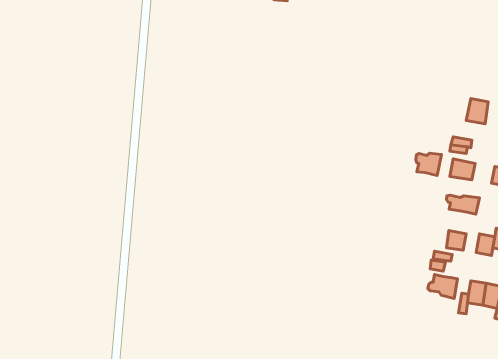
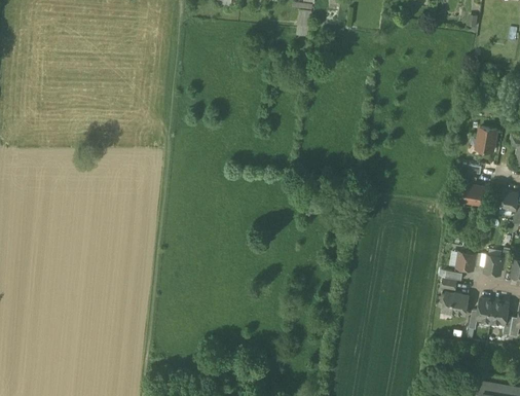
building: [416,153,442,176] -> none
building: [447,195,480,214] -> none

